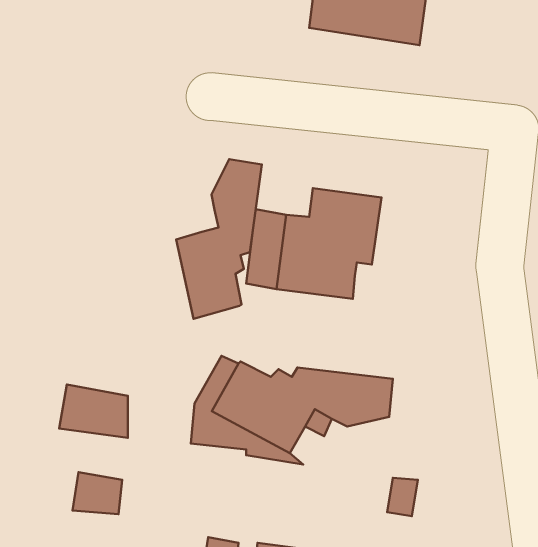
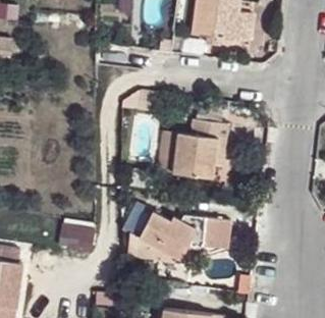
building: [176,159,262,319] -> none

